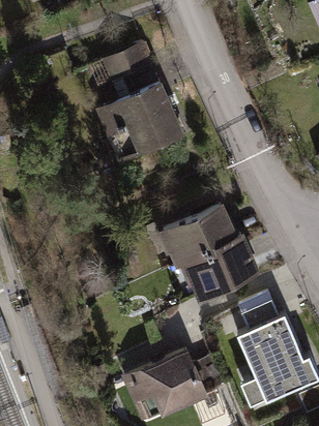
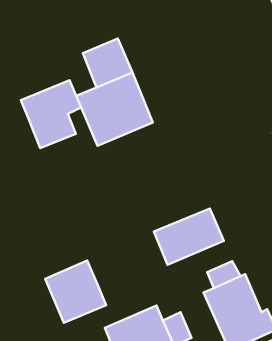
building: none -> [21,80,81,148]
building: [158,207,237,270] -> none
building: none -> [45,261,106,323]

